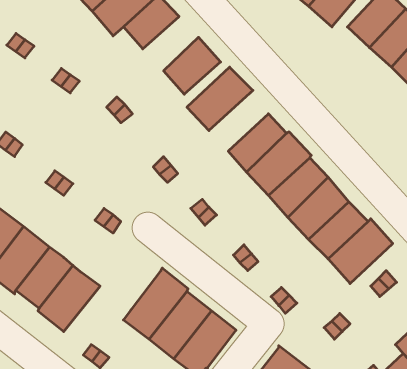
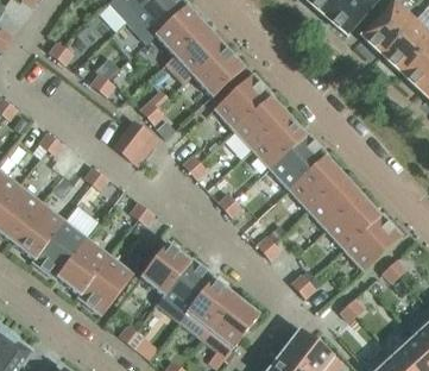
building: none -> [165,26,225,83]
building: none -> [234,96,289,150]
building: none -> [116,122,163,169]
building: none -> [140,241,190,295]

